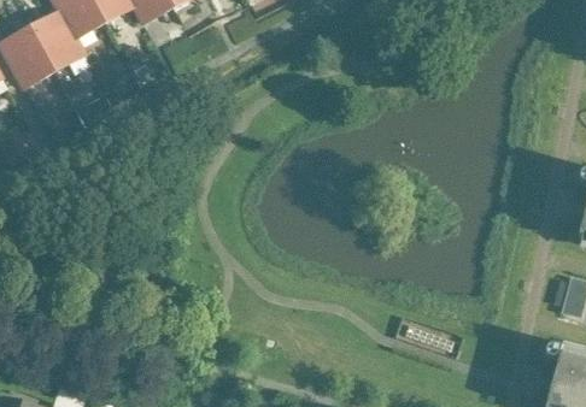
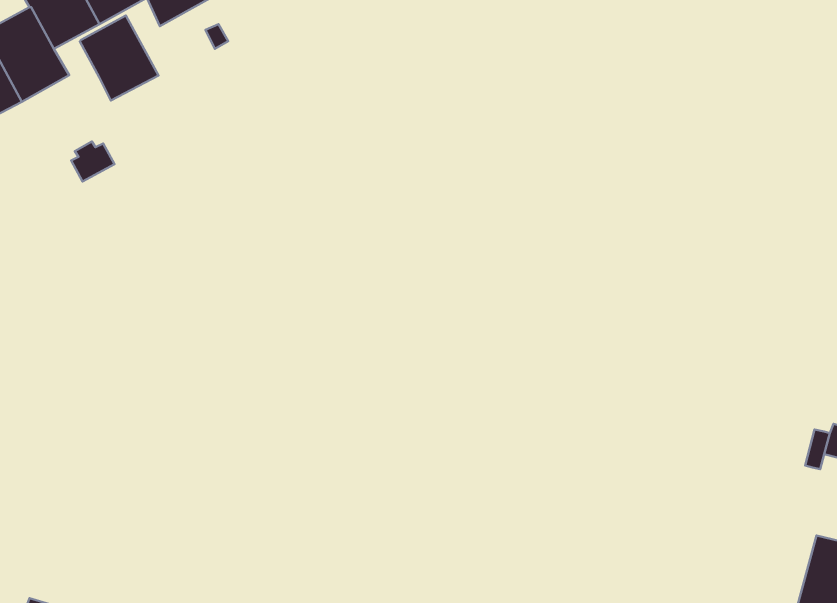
building: none -> [80,16,158,100]

